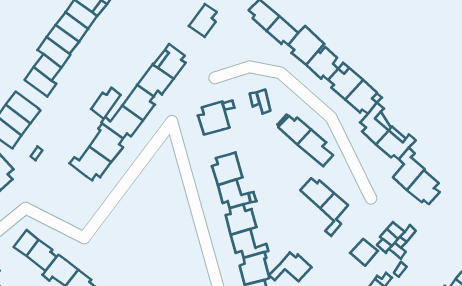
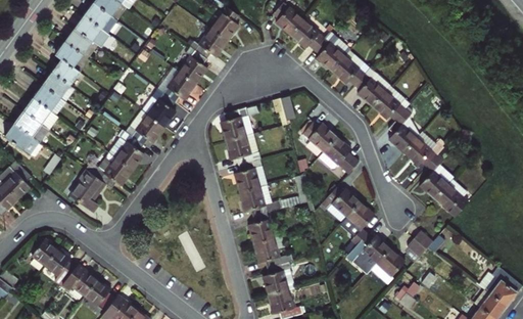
building: none -> [190,30,227,60]
building: none -> [33,85,65,115]
building: [91,88,121,119] -> none
building: none -> [226,136,252,166]
building: none -> [69,170,105,214]
building: [269,252,312,281] -> [345,233,389,263]

